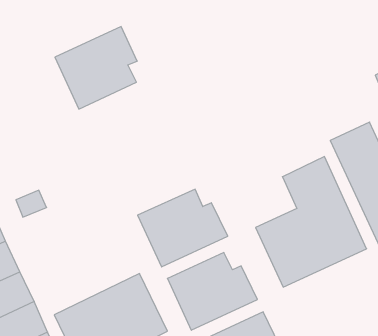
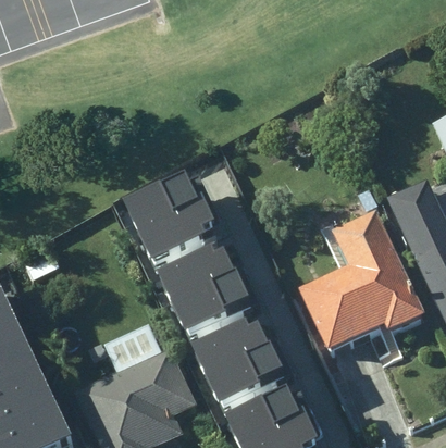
building: [55,27,137,109] -> [126,173,220,266]

